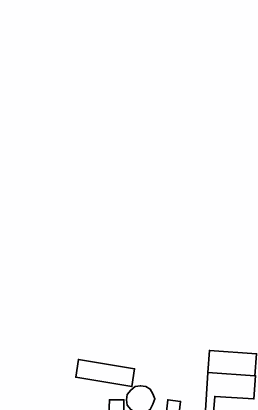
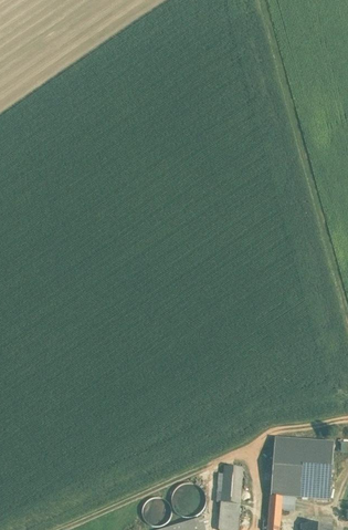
building: [76,359,135,386] -> none
building: none -> [223,467,241,503]

